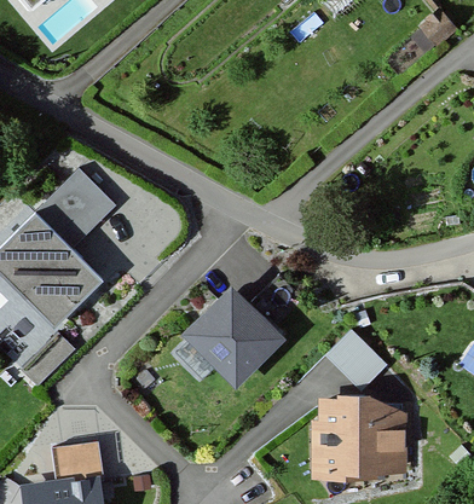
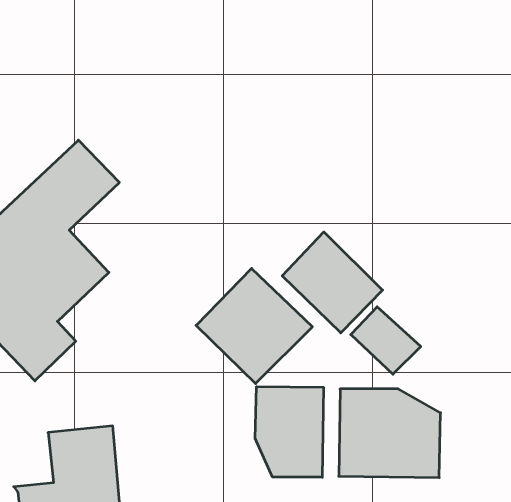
building: none -> [282,232,383,333]
building: none -> [255,387,323,477]

